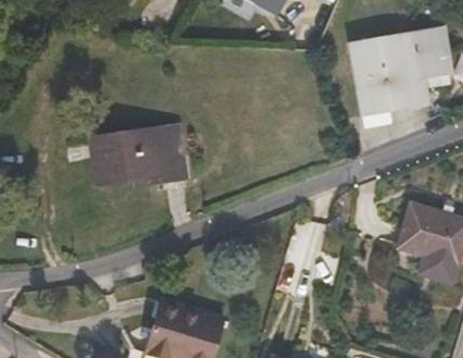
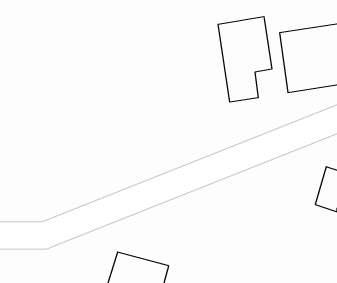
building: none -> [218,17,272,102]
building: [77,125,176,183] -> none

